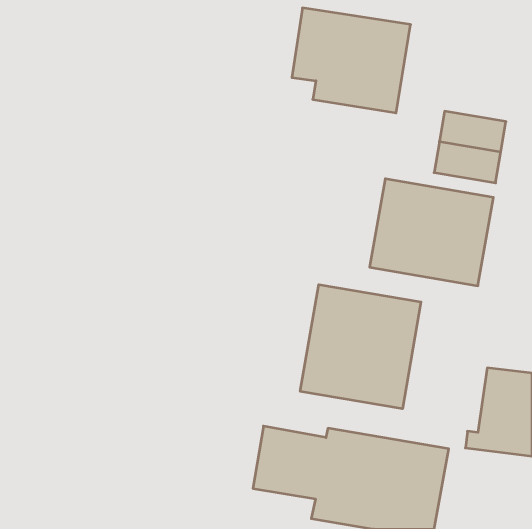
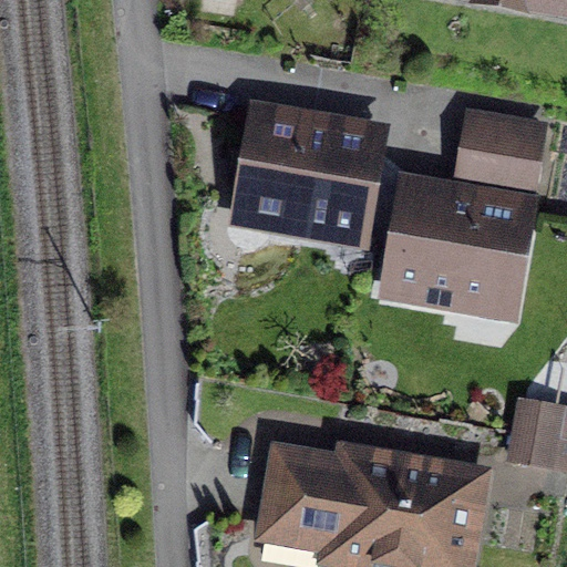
building: [292,8,411,113] -> [248,120,374,231]
building: [300,285,421,409] -> none

